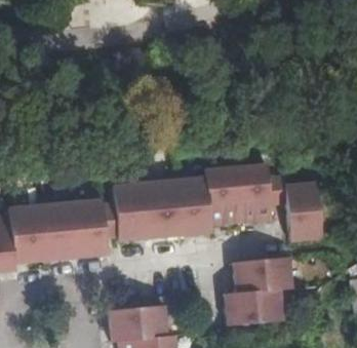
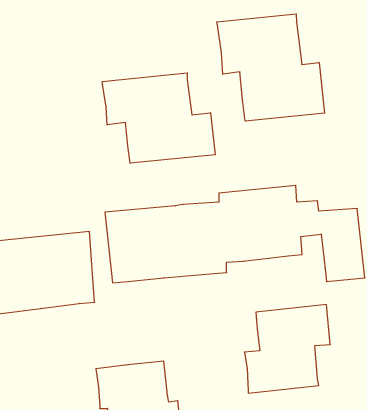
building: none -> [217,14,325,121]
building: none -> [102,73,215,163]

